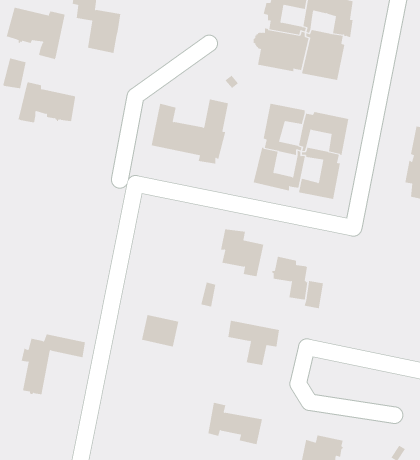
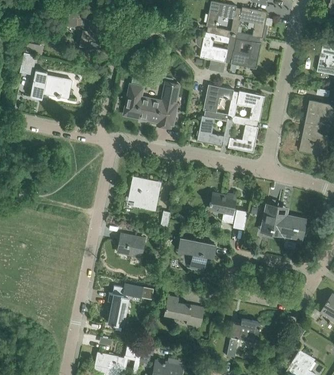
building: [6,7,66,60] -> none
building: [220,229,264,277] -> [129,177,160,211]
building: none -> [262,204,305,239]
building: [21,334,86,395] -> [107,283,153,326]

